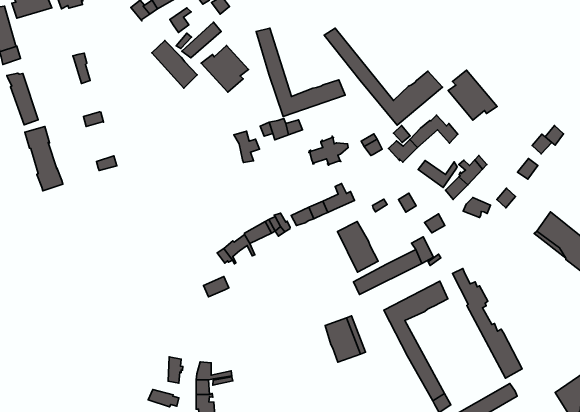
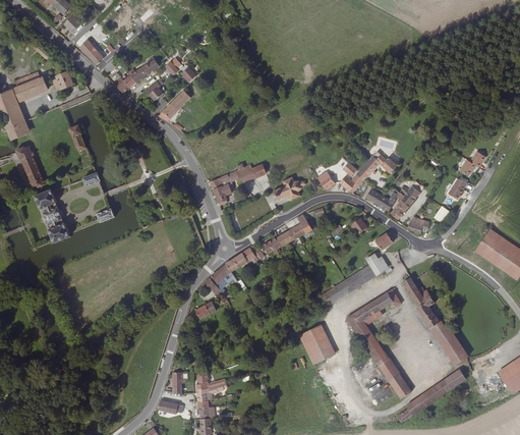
building: [256,28,345,117] -> none
building: [324,28,442,125] -> none
building: [152,41,197,88] -> none
building: [201,46,248,92] -> none
building: [448,70,497,120] -> none
building: [338,221,378,272] -> none

